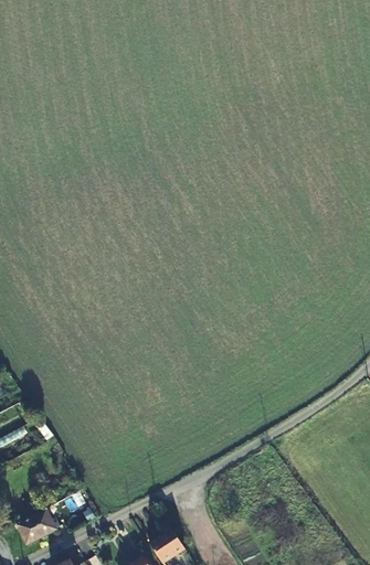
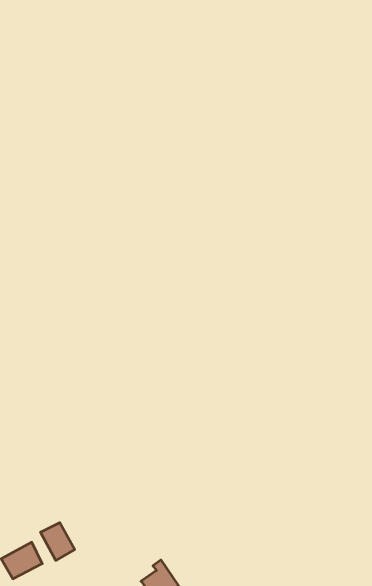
building: none -> [41,523,75,560]

